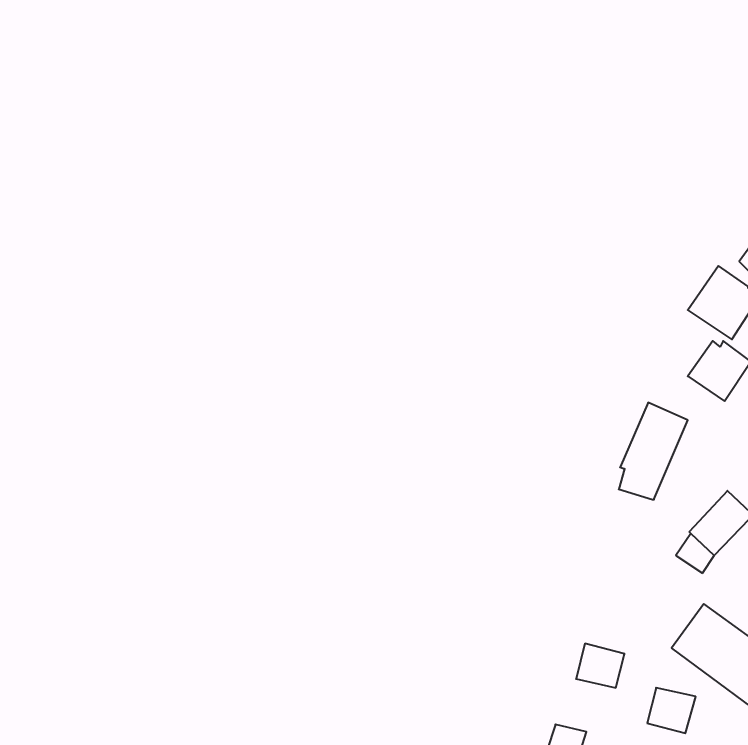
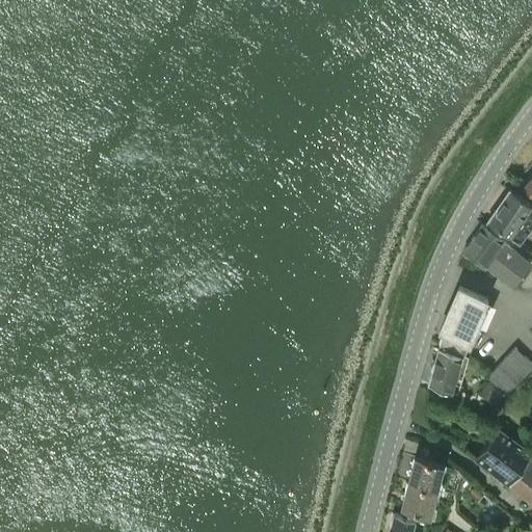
building: none -> [464,227,506,270]
building: none -> [429,350,463,394]
building: [647,688,696,733] -> [403,484,437,516]

